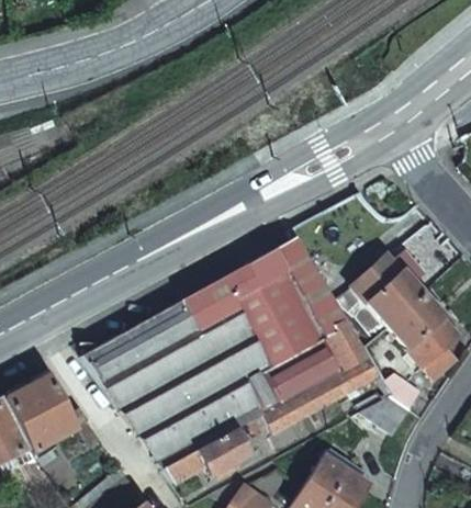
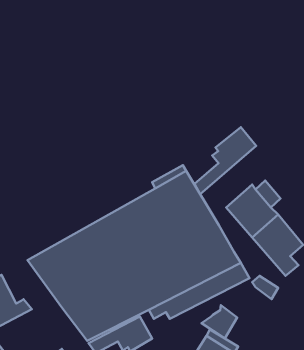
building: none -> [195,127,256,194]
building: [362,392,411,437] -> [201,305,237,339]

